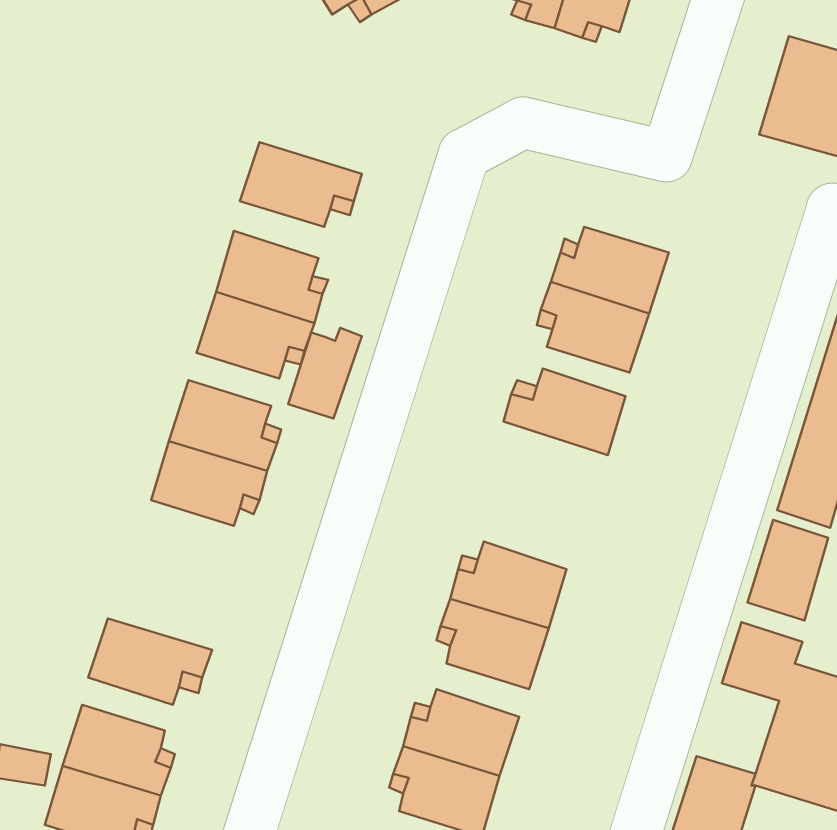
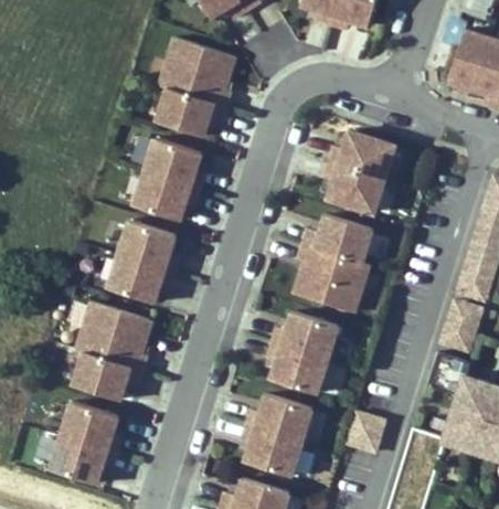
building: none -> [160,36,235,105]
building: [288,328,362,419] -> none
building: none -> [295,244,370,312]
building: none -> [75,305,150,372]
building: none -> [348,413,387,454]

